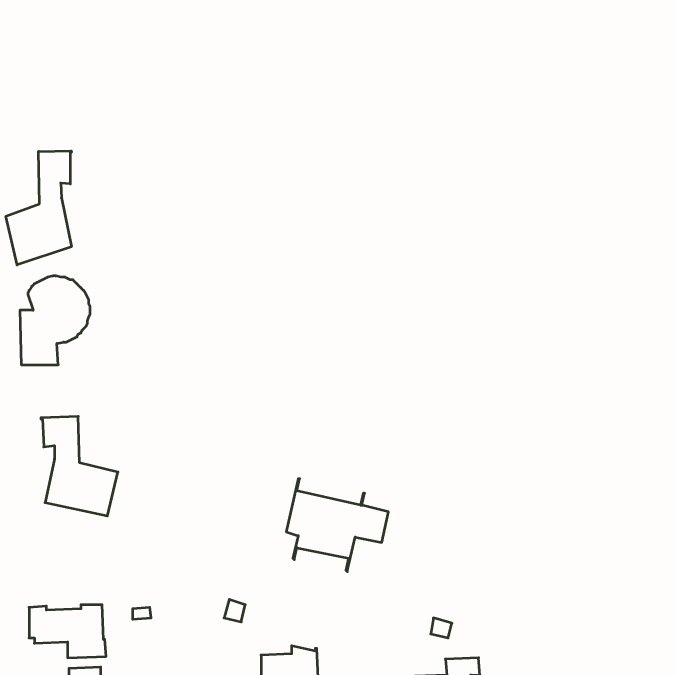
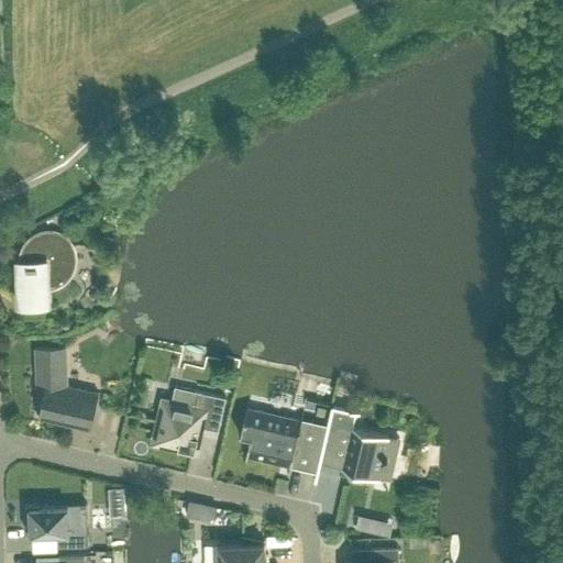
building: [6,151,71,265] -> none
building: none -> [153,387,225,455]
building: none -> [313,407,399,482]

